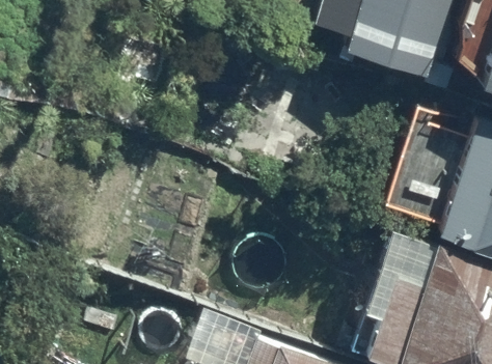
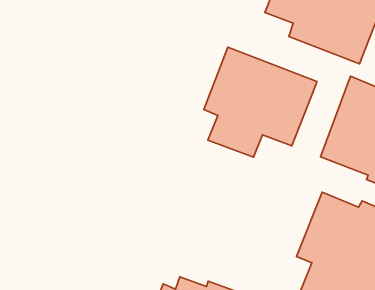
building: none -> [204,47,317,157]

